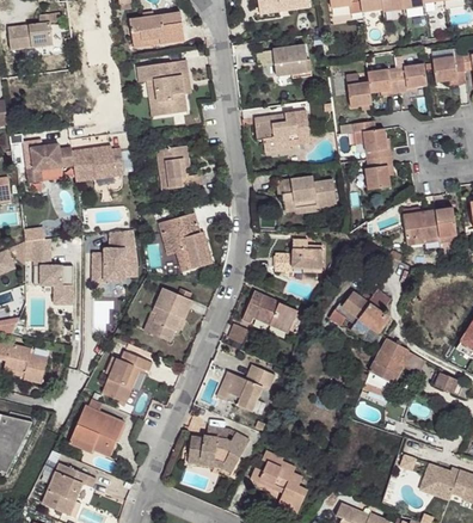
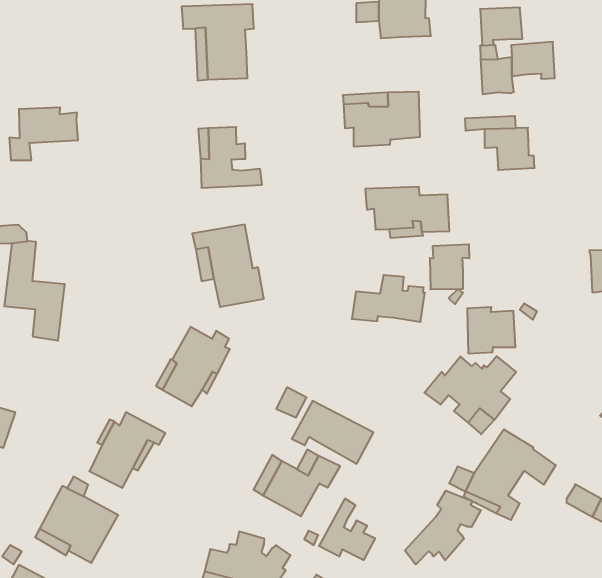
building: [397,64,428,93] -> [480,8,522,46]
building: [72,146,124,183] -> none
building: [366,156,393,190] -> [430,244,469,289]
building: [404,213,440,246] -> [467,307,515,353]
building: [93,230,137,284] -> none
building: [242,293,299,333] -> [292,401,373,464]
building: none -> [405,491,481,564]
building: none -> [319,498,375,560]

